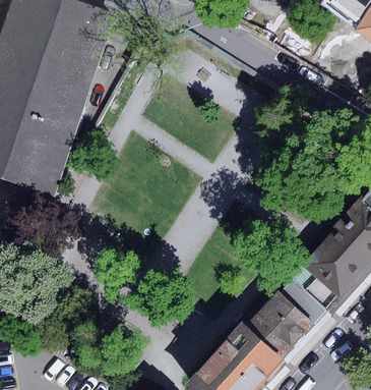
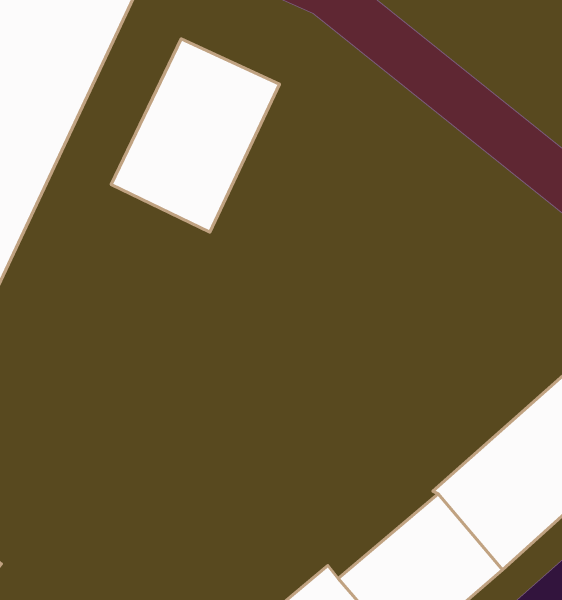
building: none -> [111,39,279,232]

